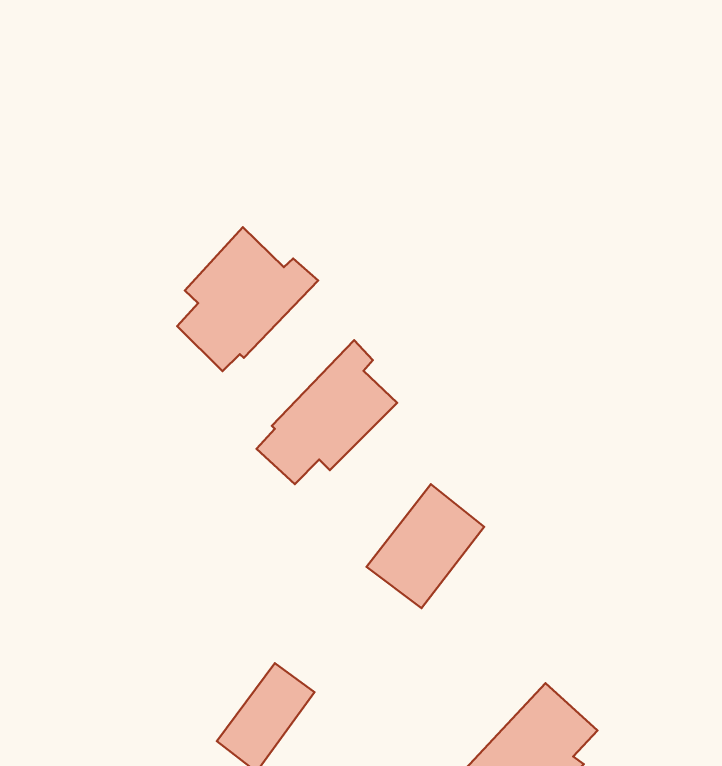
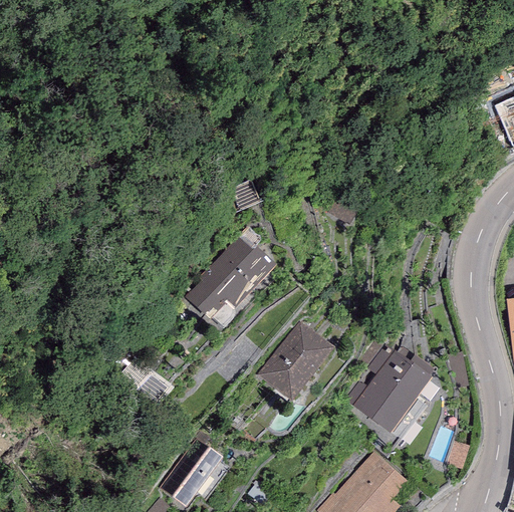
building: [177,227,318,371] -> none
building: none -> [344,336,433,434]

